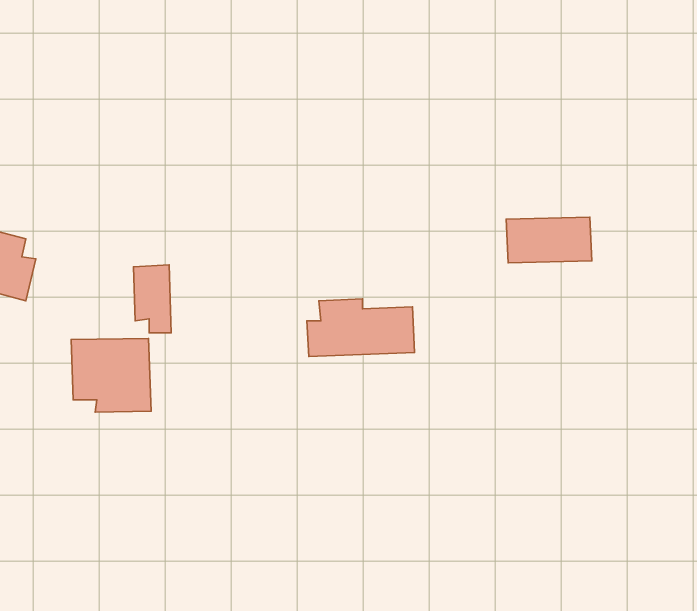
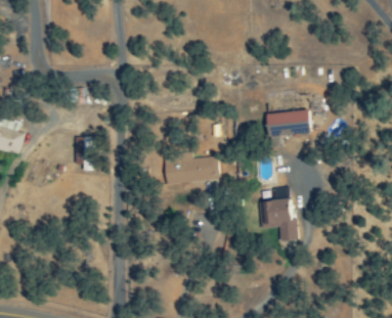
building: [71,338,151,412] -> none
building: none -> [259,199,298,241]

